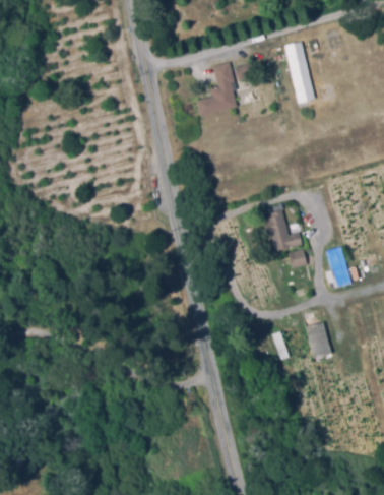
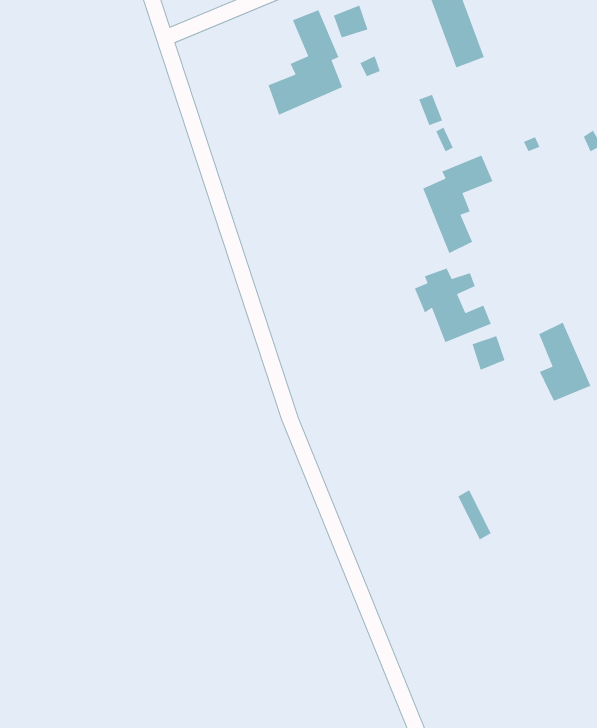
building: none -> [422,154,494,254]
building: [301,311,332,358] -> none

